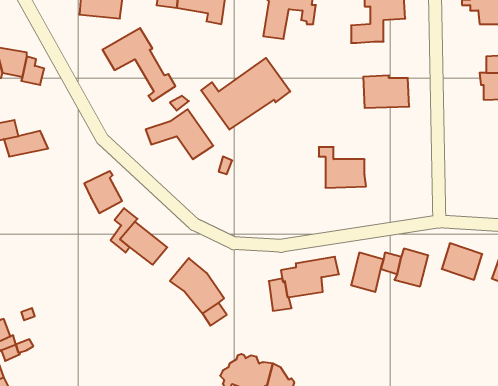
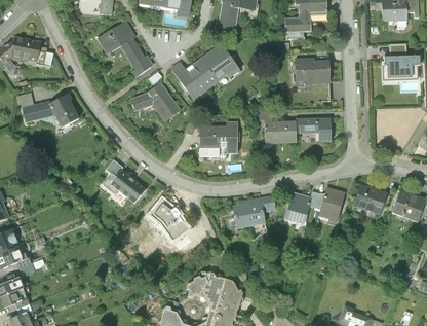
building: none -> [296,119,331,142]
building: none -> [199,123,237,154]
building: [84,171,122,213] -> [50,94,79,125]

